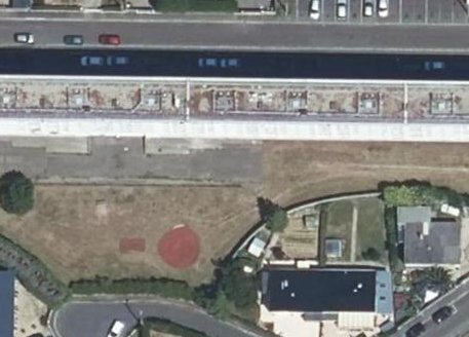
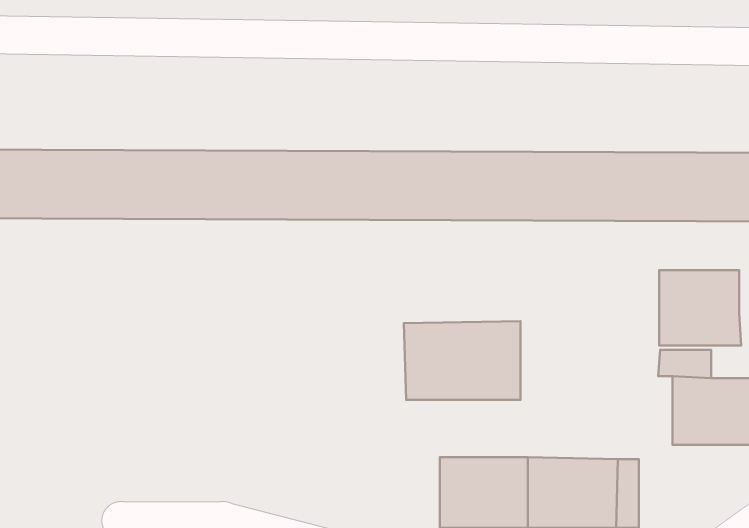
building: none -> [659,270,741,345]
building: none -> [404,321,520,400]

